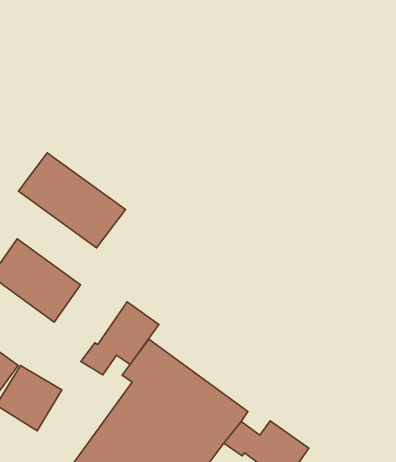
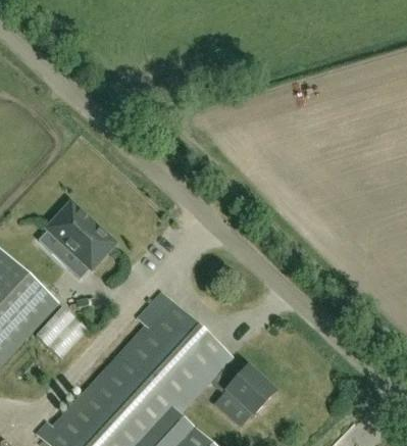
building: [18,153,125,248] -> none
building: [81,302,159,375] -> none

